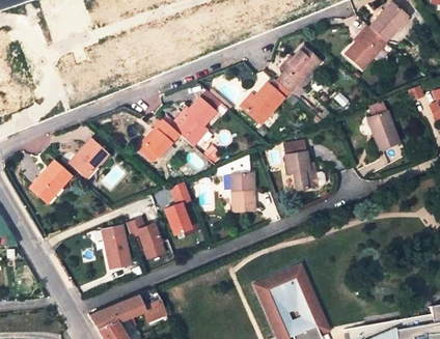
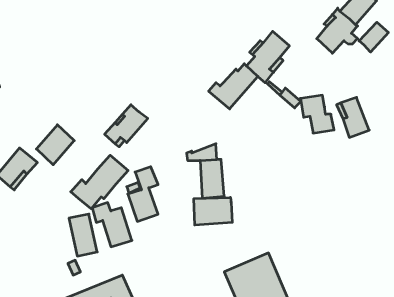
building: none -> [359,22,388,52]
building: [172,97,216,145] -> none
building: [285,151,319,189] -> [300,95,334,133]
building: none -> [71,155,128,209]
building: none -> [194,197,232,225]

